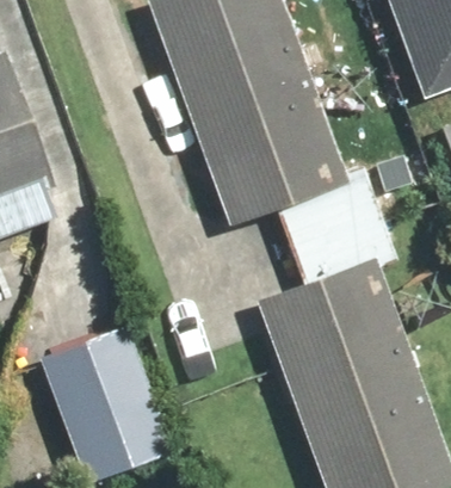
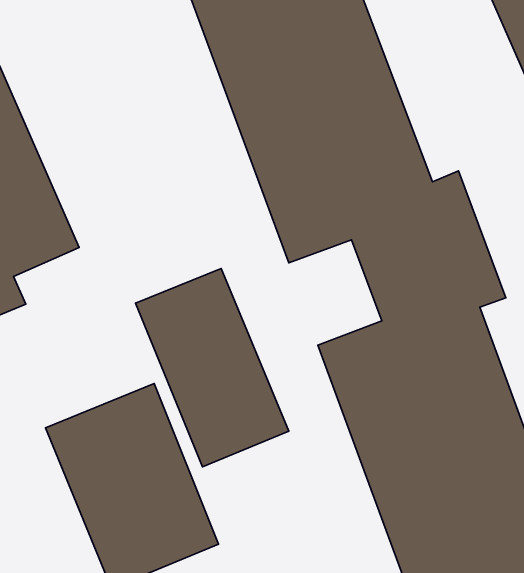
building: none -> [136,269,289,467]

